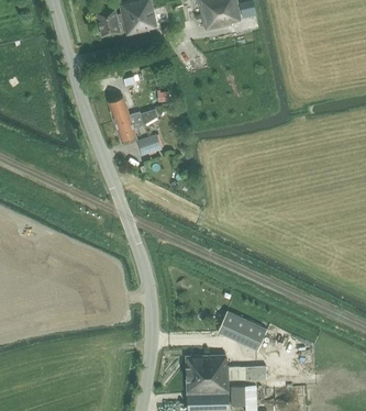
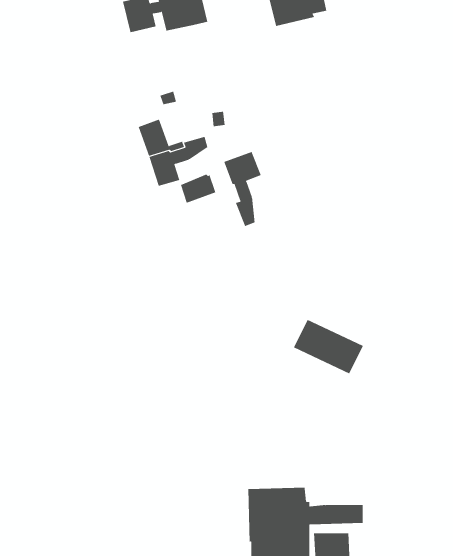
building: none -> [223,151,262,227]
building: [218,311,267,349] -> [293,319,364,374]

